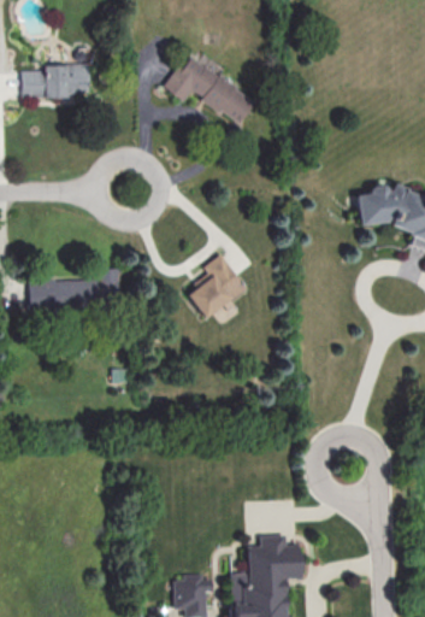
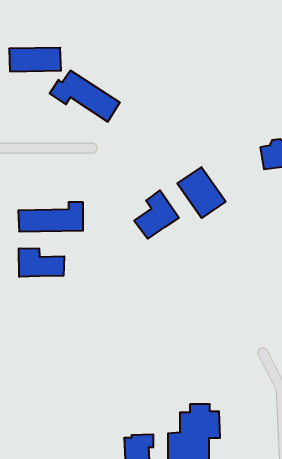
building: [165,57,258,124] -> [50,71,120,122]
building: none -> [177,167,226,218]
building: none -> [19,248,64,277]

